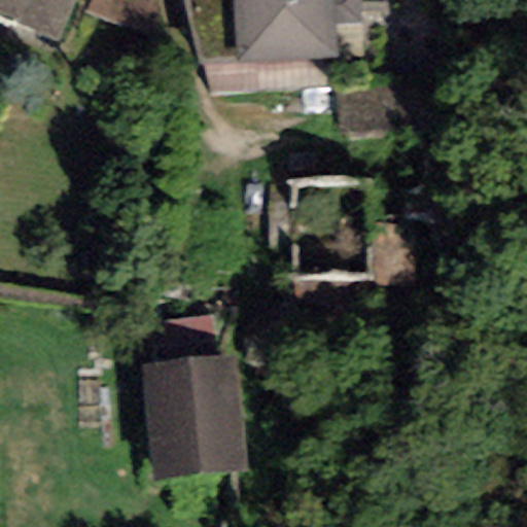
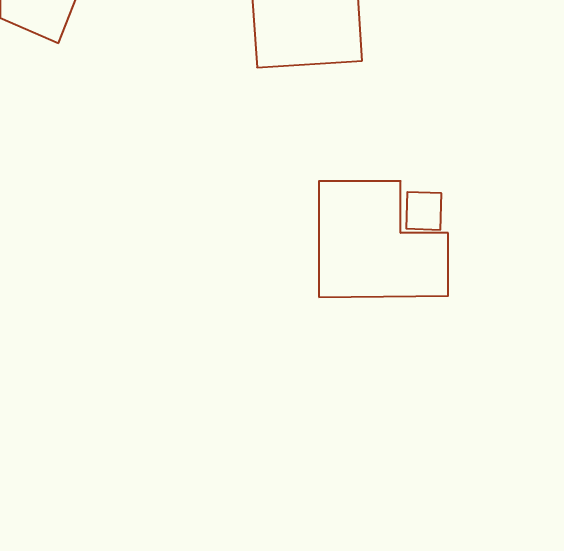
building: [143,354,242,478] -> none

